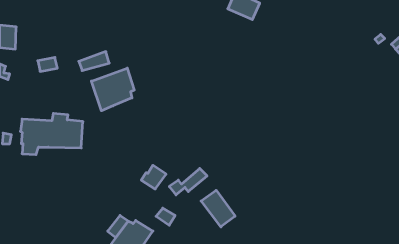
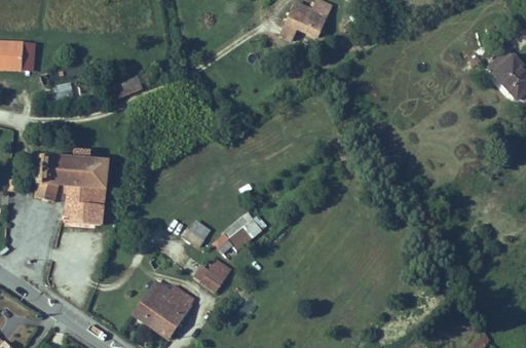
building: [91,68,134,111] -> none
building: none -> [60,195,104,226]
building: [201,190,235,227] -> none

